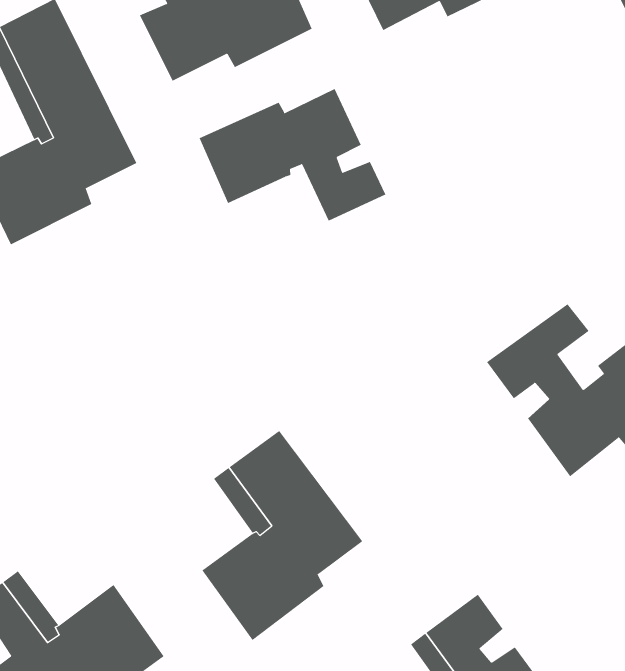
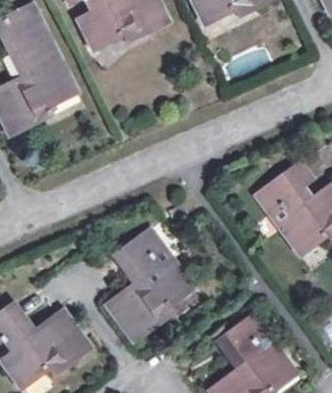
building: [199,88,386,221] -> none

